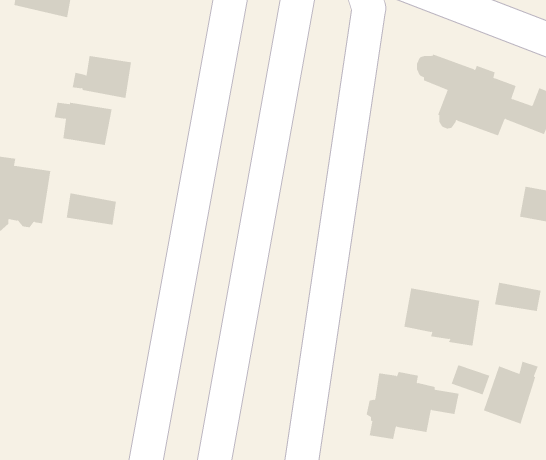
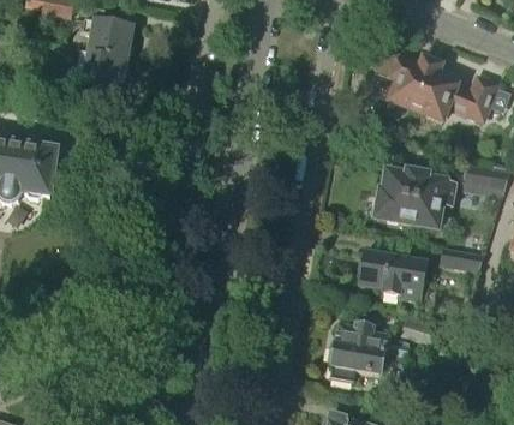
building: [54,102,113,145] -> [83,18,133,55]
building: [66,192,116,225] -> none
building: none -> [378,173,456,228]
building: [483,361,538,424] -> none

